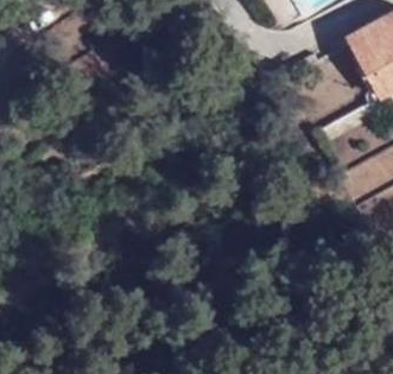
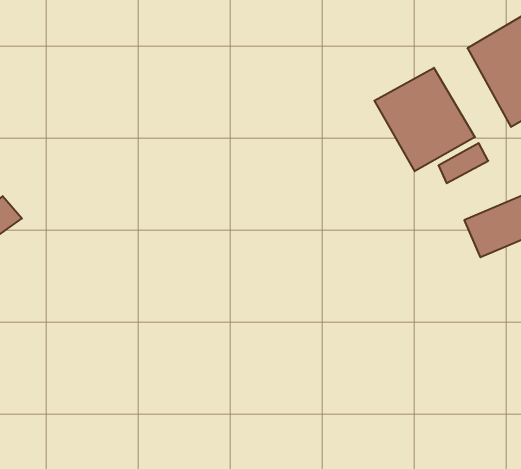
building: none -> [374,68,475,171]

